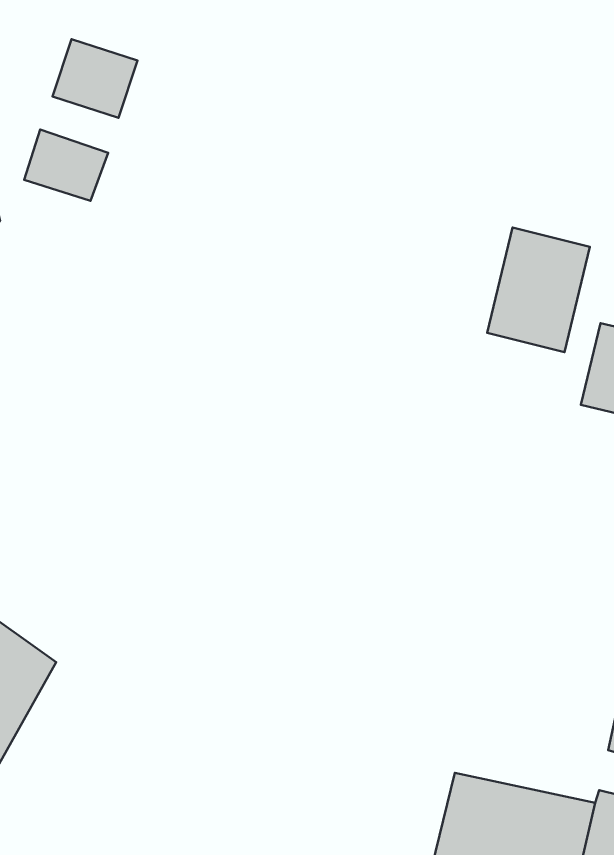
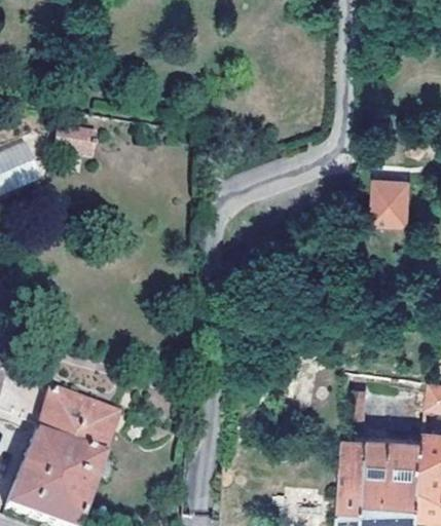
building: [53,39,137,118] -> none
building: [487,228,590,352] -> none

